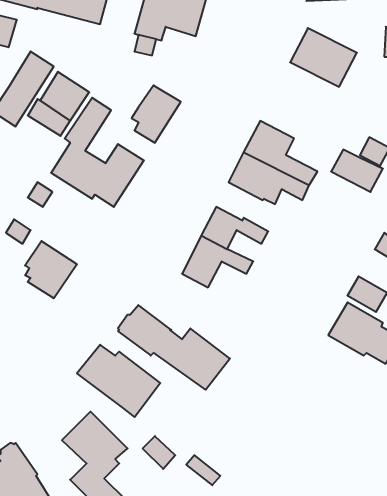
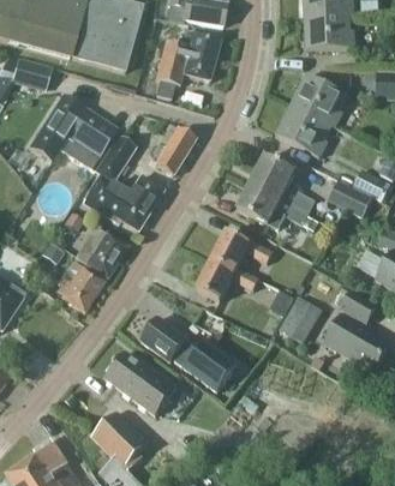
building: none -> [275,103,334,156]
building: none -> [74,227,127,277]
building: none -> [277,296,321,343]

